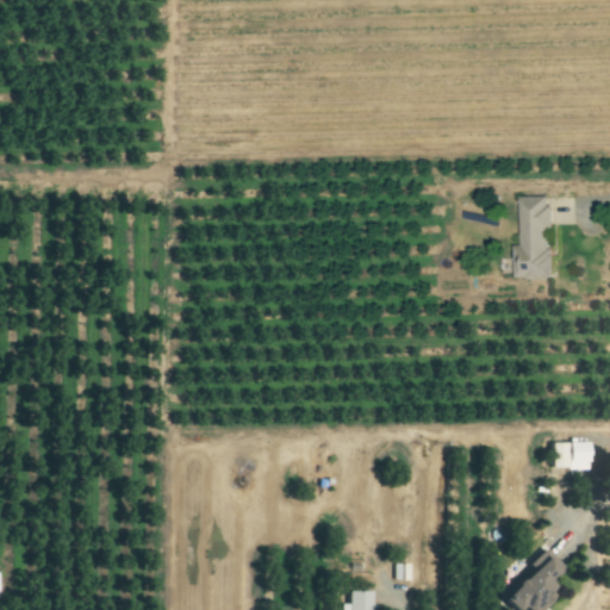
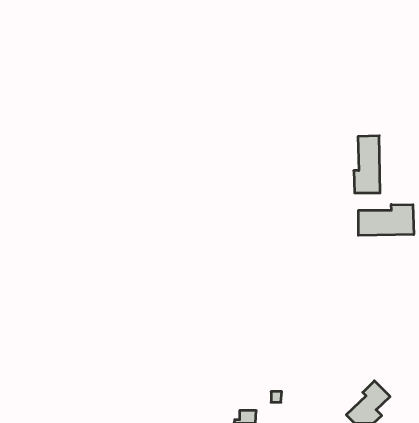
building: none -> [358,204,414,235]
building: [550,442,590,469] -> none

